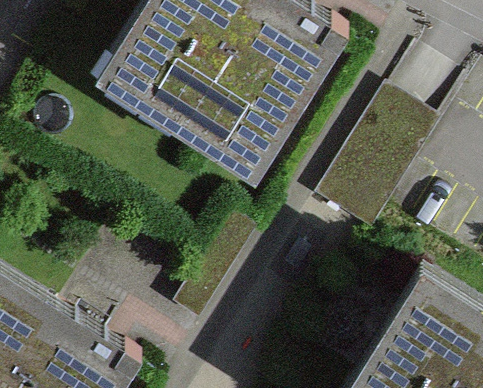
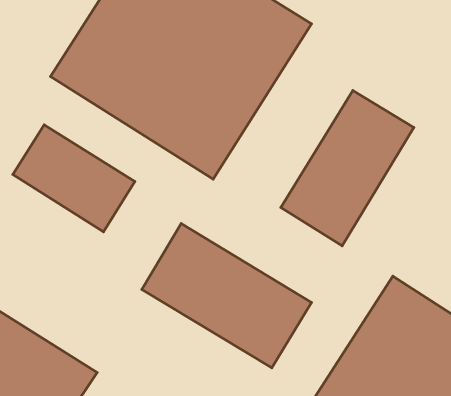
building: none -> [13,125,135,232]
building: none -> [142,223,312,368]

